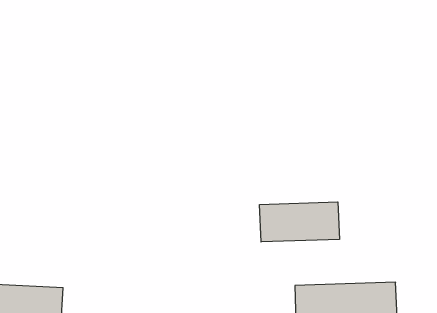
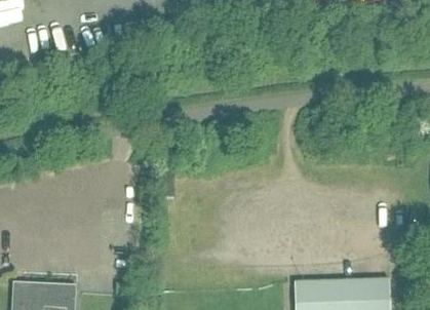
building: [260,202,339,242] -> none

